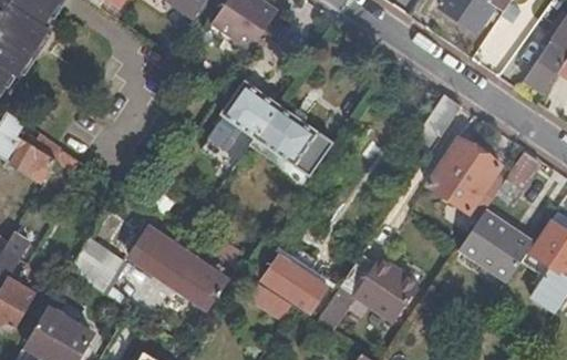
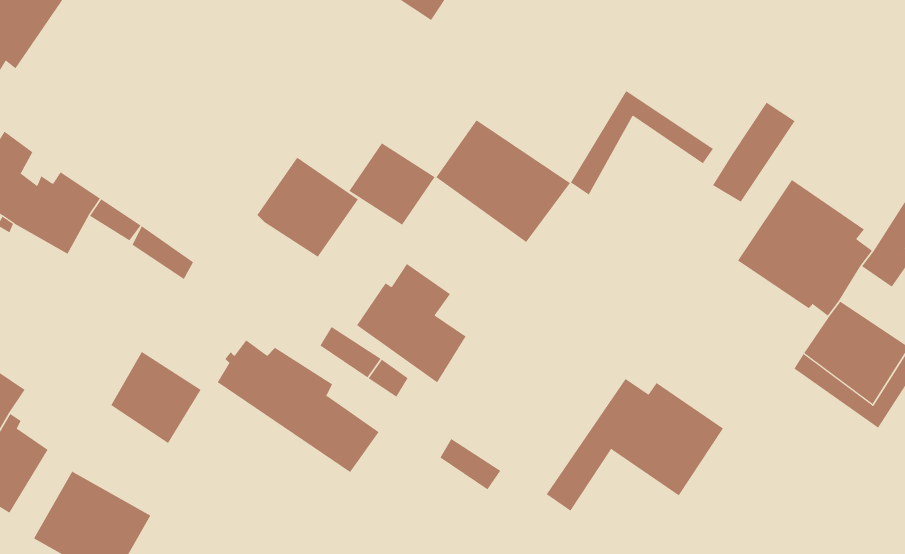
building: [219,81,278,138] -> [256,157,359,257]
building: none -> [570,90,714,195]
building: [262,245,326,313] -> [356,263,466,383]

